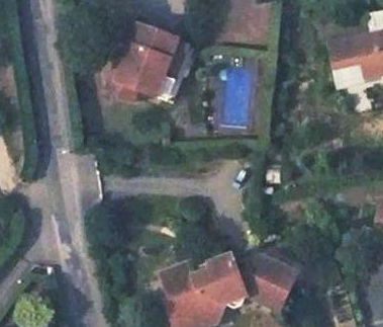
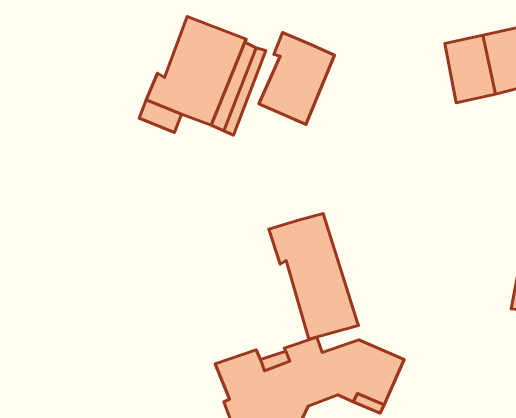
building: none -> [259,33,335,125]
building: none -> [269,213,358,339]

